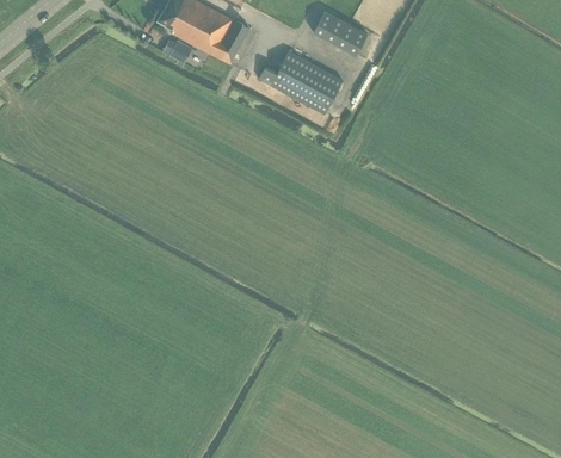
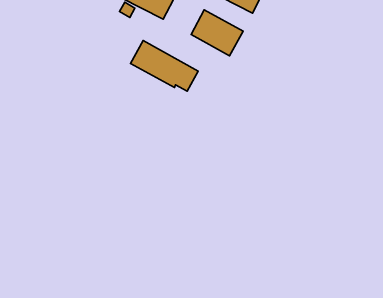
building: none -> [131,41,198,91]

